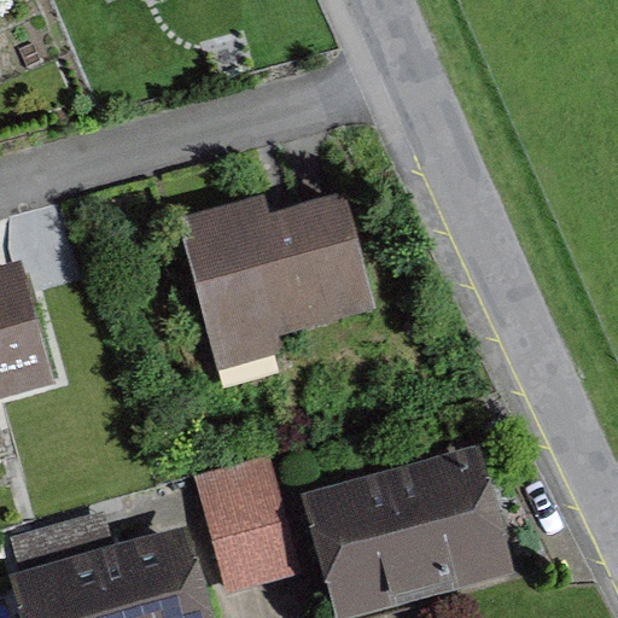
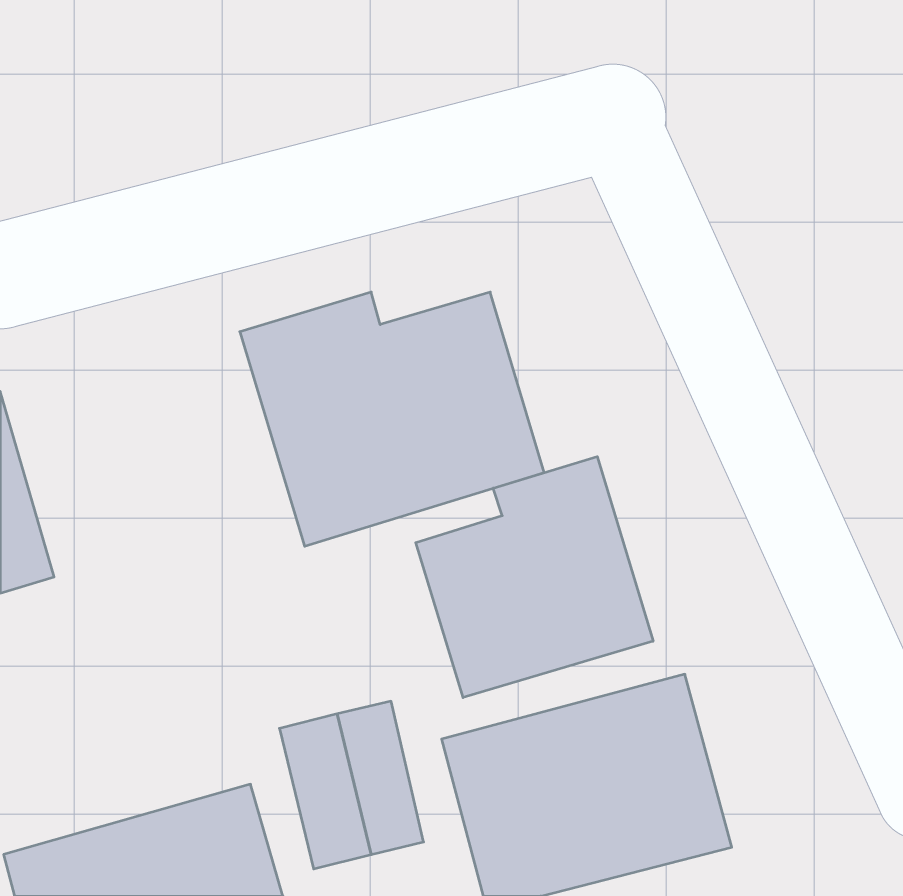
building: none -> [416,457,653,698]

